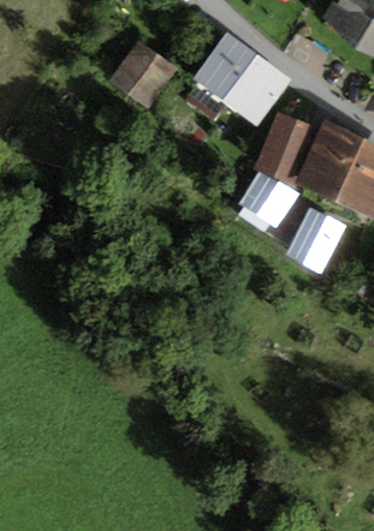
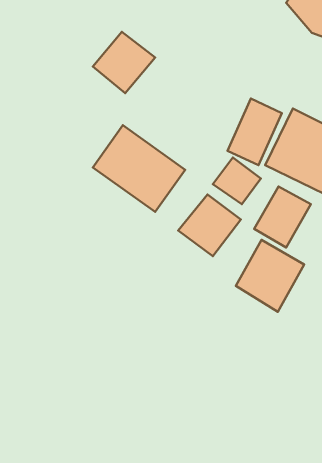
building: [195,34,295,127] -> [93,125,185,212]
building: none -> [178,194,241,256]
building: none -> [236,240,304,312]

